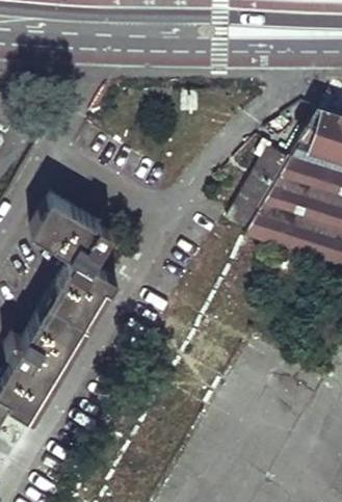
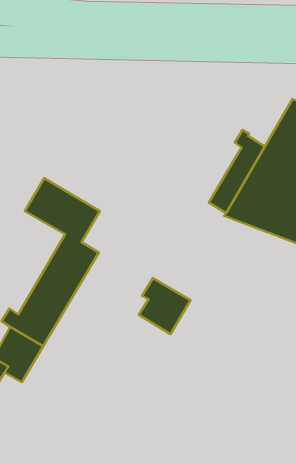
building: none -> [139,278,191,334]

